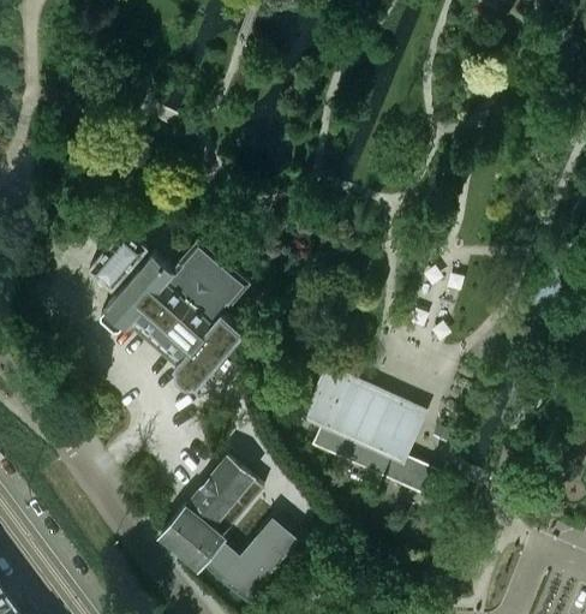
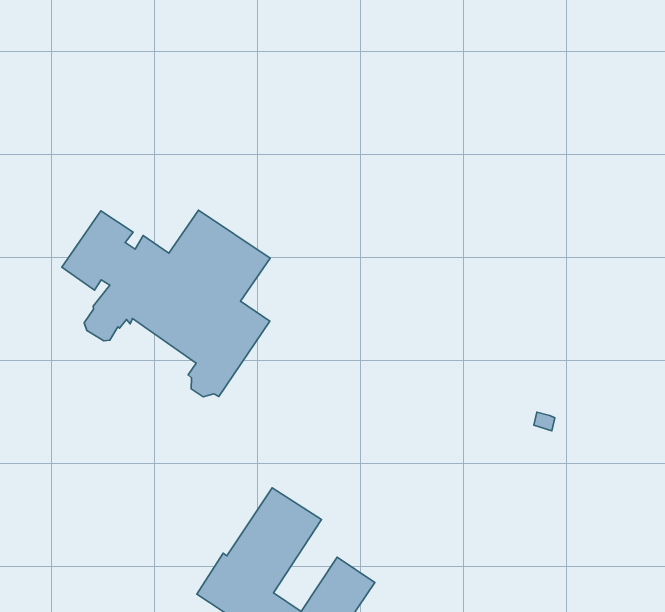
building: [310,372,439,499] -> none

